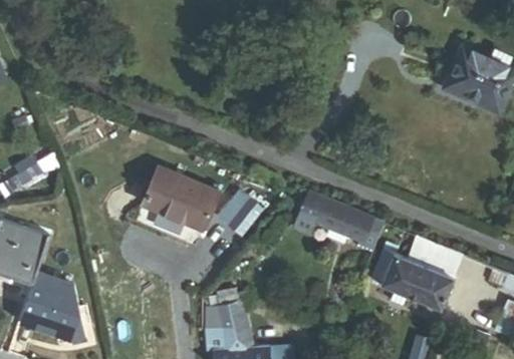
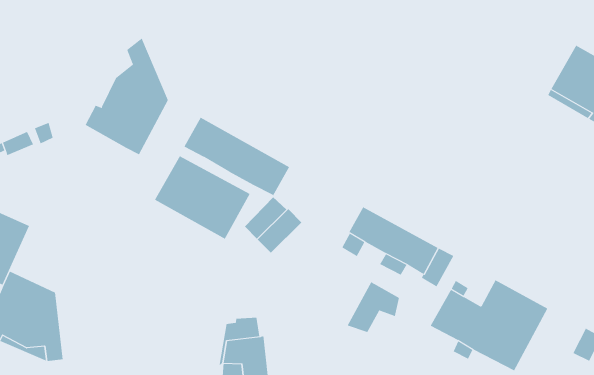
building: none -> [85,38,168,155]
building: none -> [184,117,290,196]
building: none -> [347,281,400,333]

